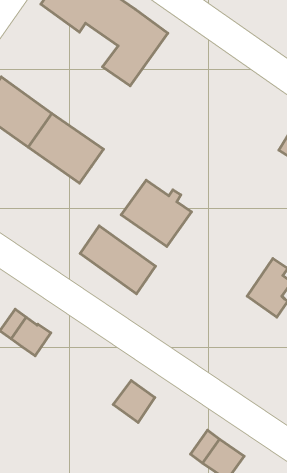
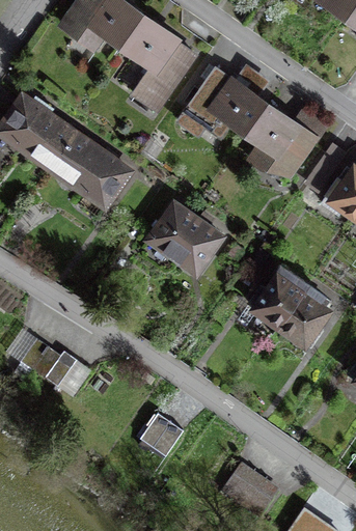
building: none -> [176,67,314,175]
building: [80,226,156,294] -> none
building: none -> [249,268,307,325]

